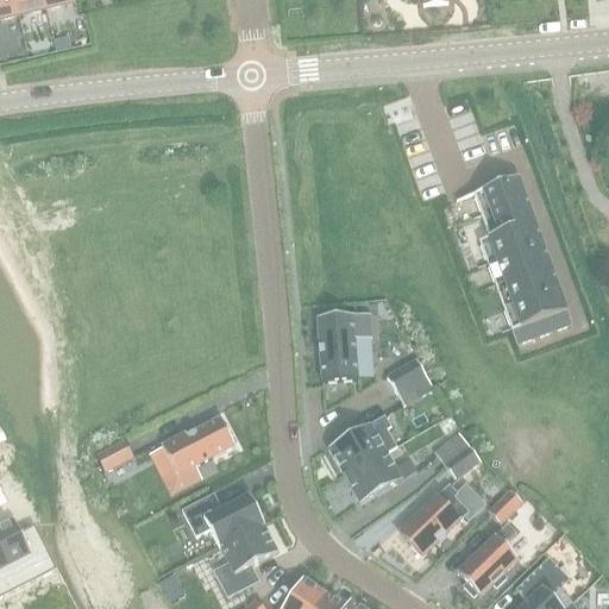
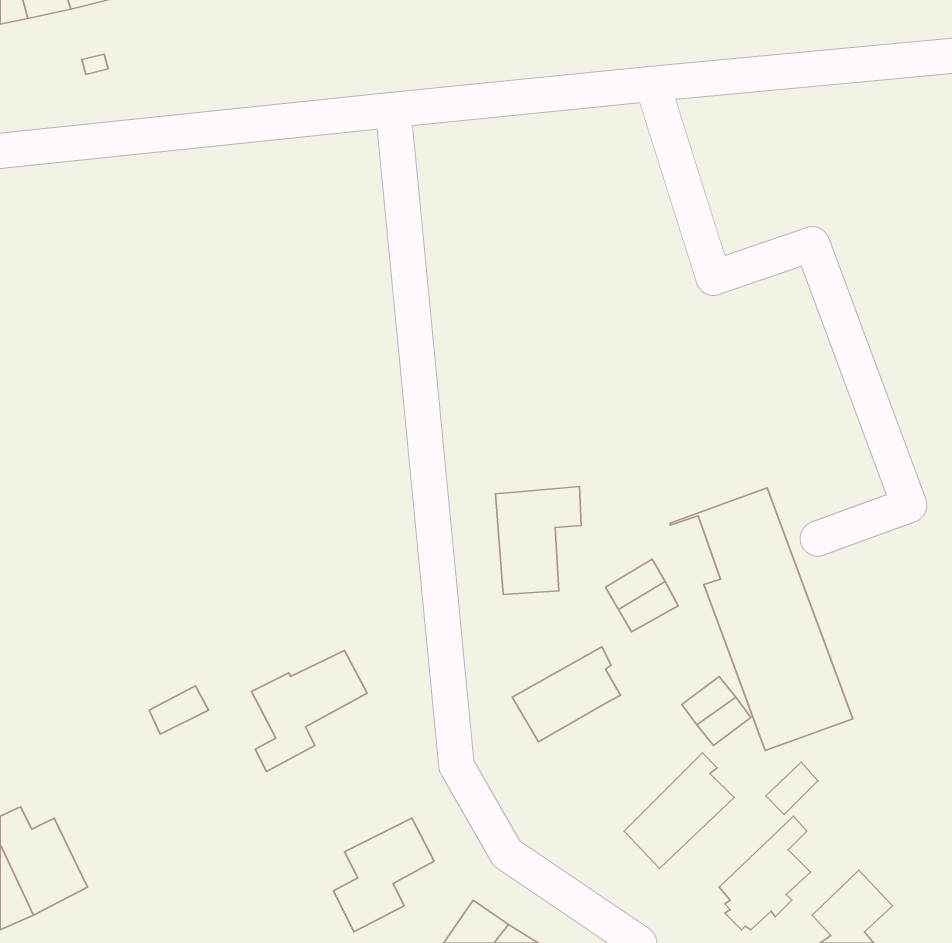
building: [456,174,572,341] -> [670,488,853,751]
building: [344,450,416,502] -> none
building: [181,491,264,545] -> none

